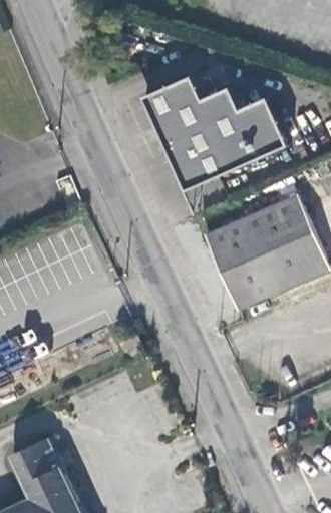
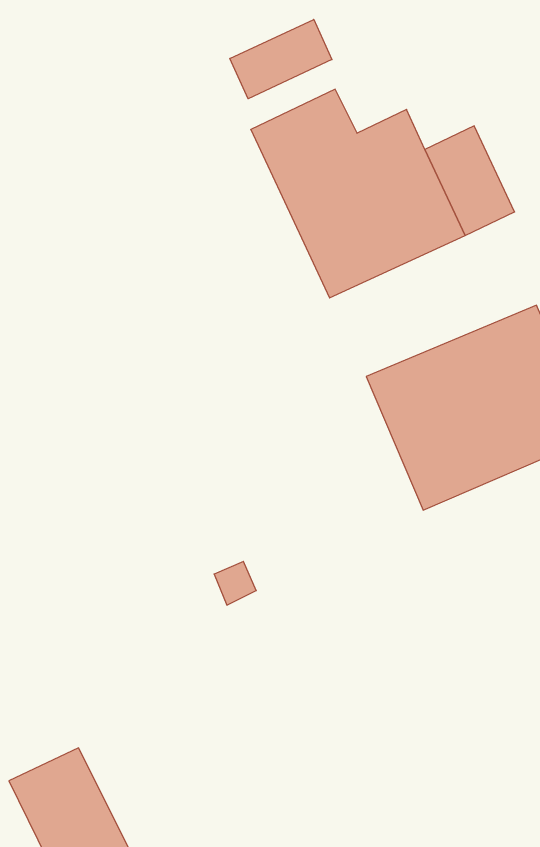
building: none -> [230,19,332,99]

